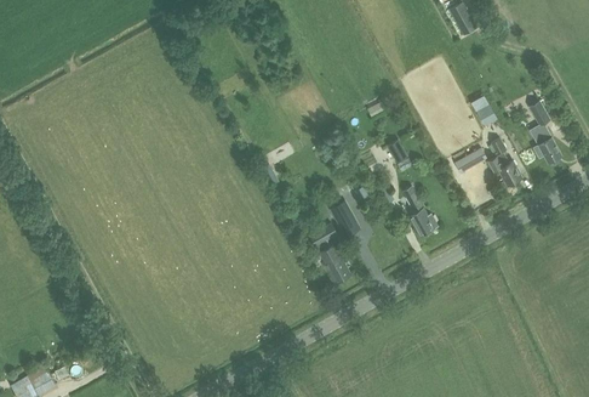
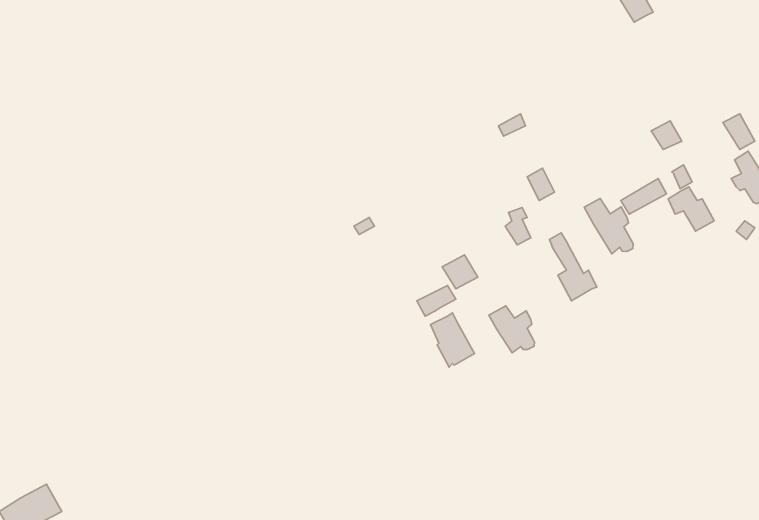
building: none -> [584,199,633,254]
building: none -> [489,306,535,353]

